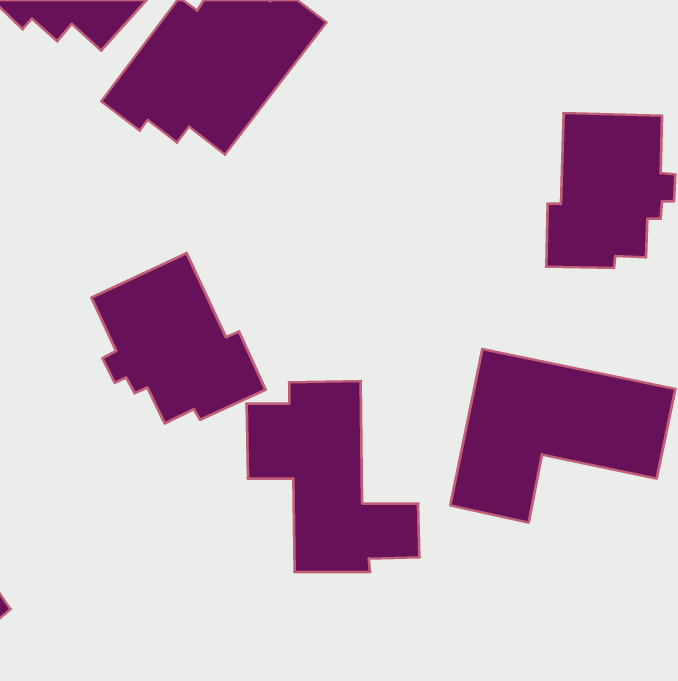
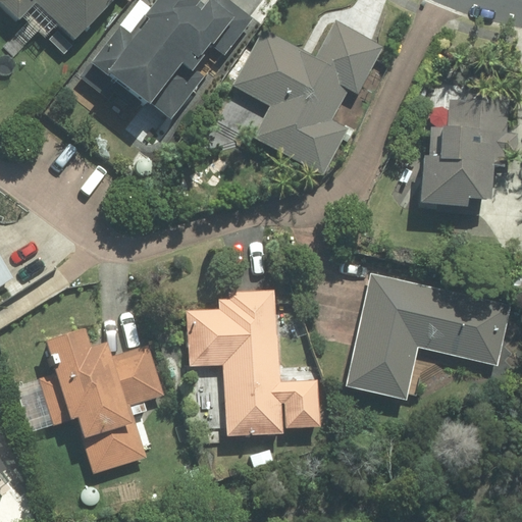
building: none -> [230,20,382,174]
building: [92,253,266,423] -> none
building: none -> [13,329,168,477]

